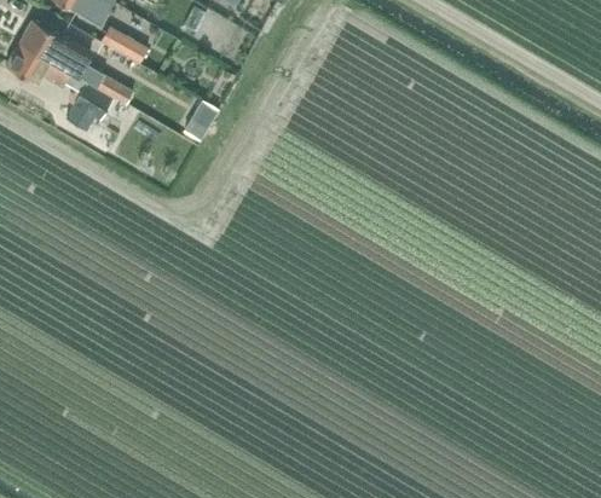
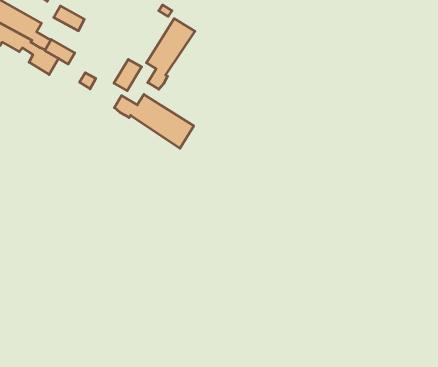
building: none -> [146,19,195,89]
building: none -> [114,94,194,148]

